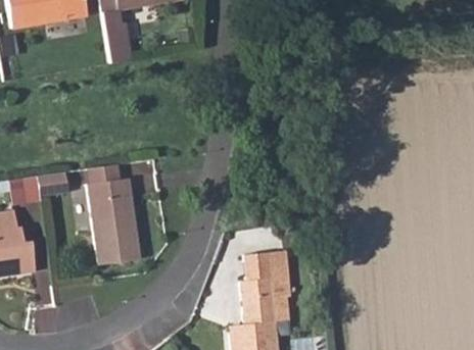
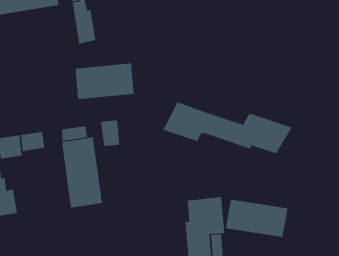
building: none -> [75,63,134,100]
building: none -> [162,101,292,154]
building: none -> [225,199,288,238]

